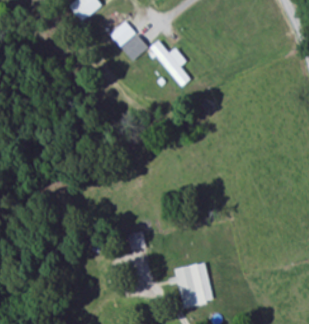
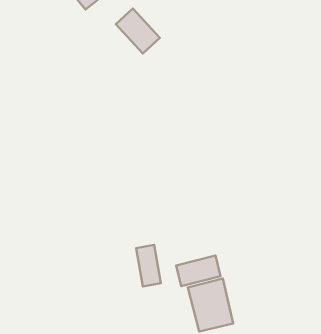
building: [150,40,191,87] -> none
building: none -> [176,256,221,286]

